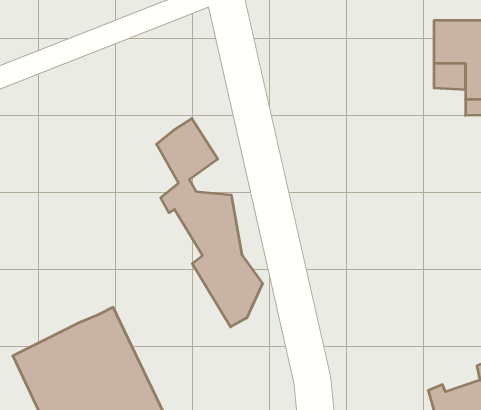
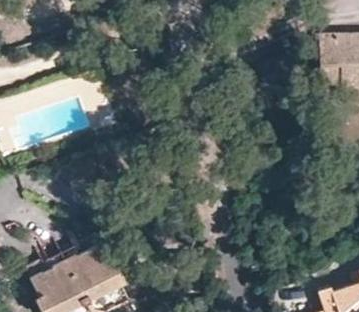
building: [156,118,263,327] -> none

